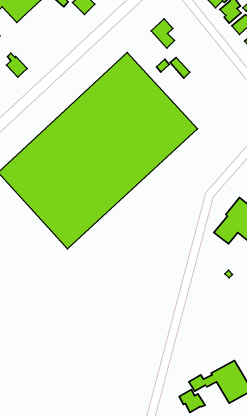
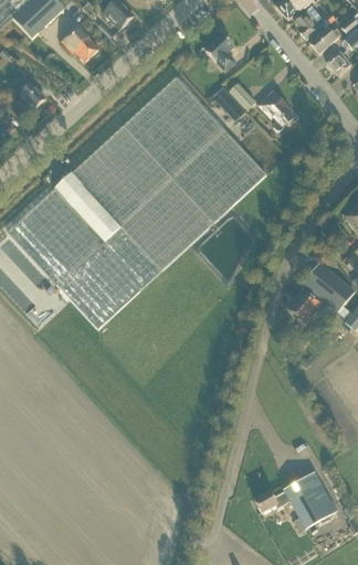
building: none -> [62,22,99,61]
building: none -> [259,88,295,128]
building: [179,390,205,412] -> none

